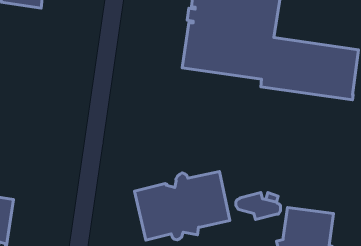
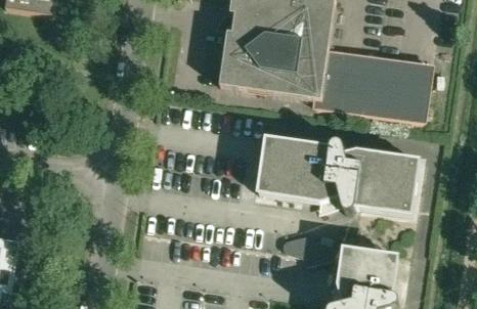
building: none -> [257,137,419,213]
building: [135,172,230,240] -> none

